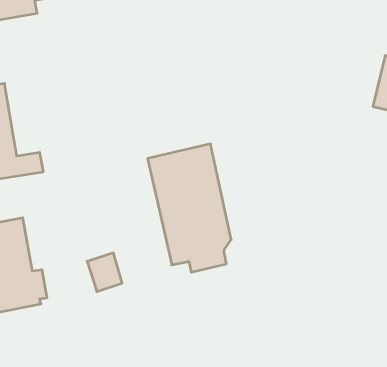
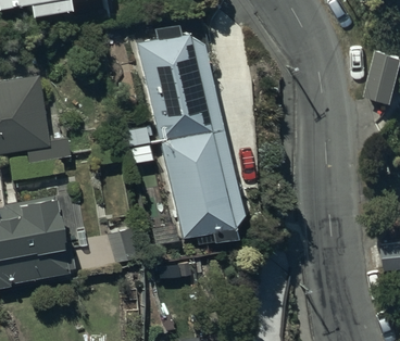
building: none -> [139,27,221,143]

